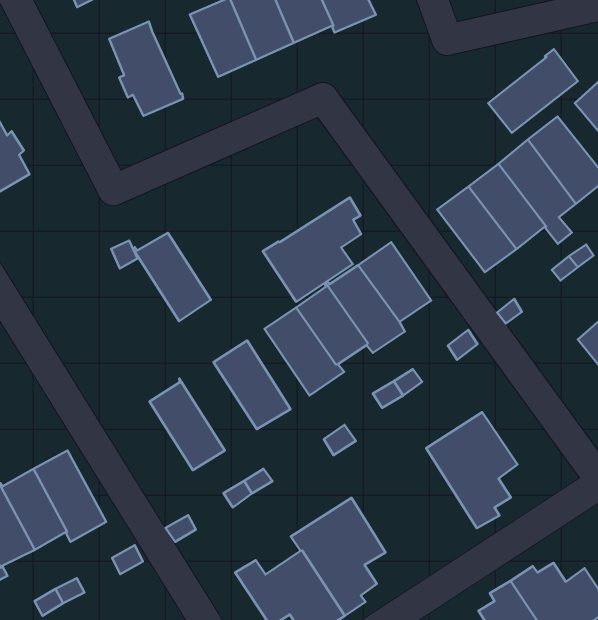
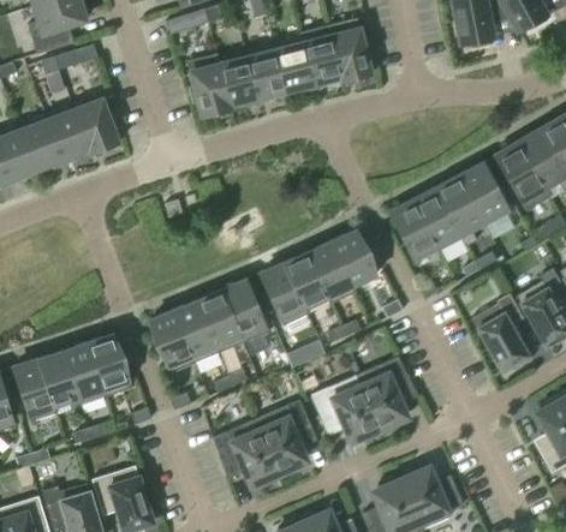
building: none -> [218,53,257,106]
building: [488,49,578,133] -> none
building: [263,198,361,302] -> none
building: [133,233,211,321] -> [196,292,243,353]
building: none -> [149,311,195,372]
building: none -> [311,375,381,443]

